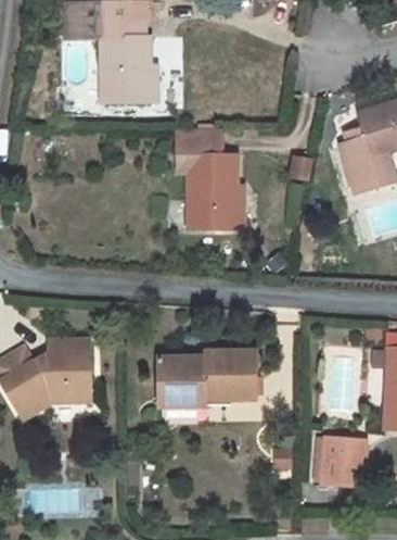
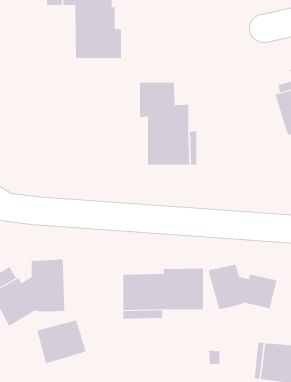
building: none -> [208,264,277,310]
building: none -> [36,320,87,364]

